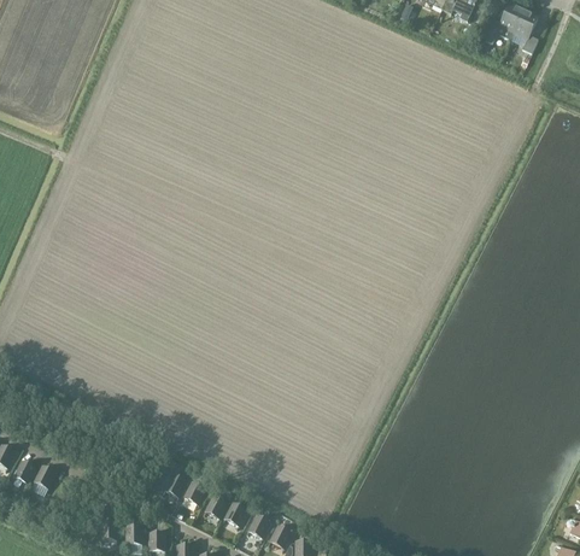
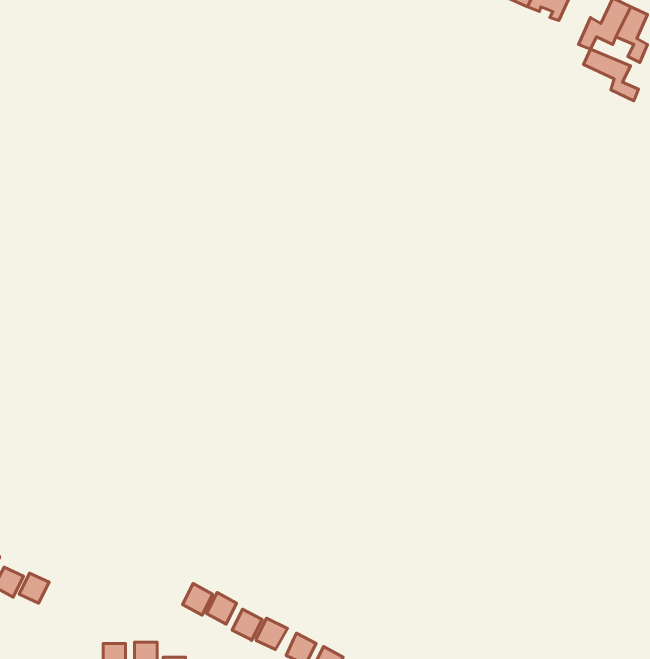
building: none -> [583,49,638,101]

